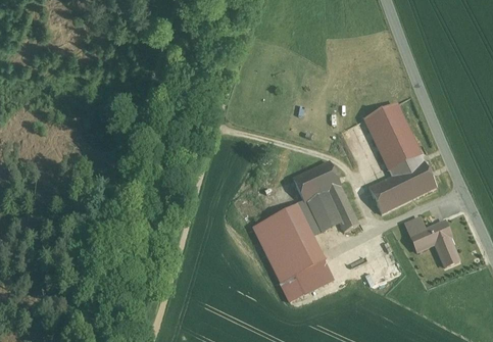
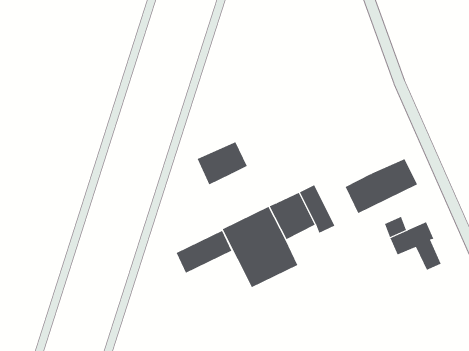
building: [364,102,424,175] -> none
building: [292,161,340,202] -> [197,142,248,185]
building: [280,260,333,301] -> [176,230,232,274]

